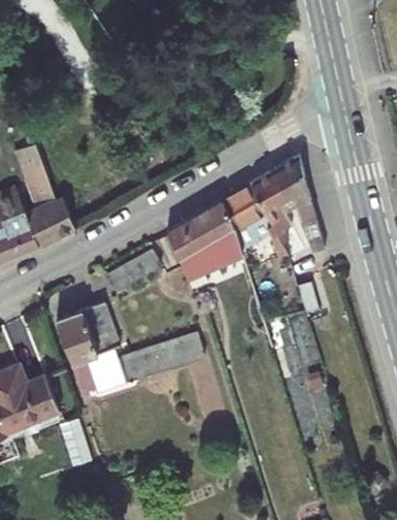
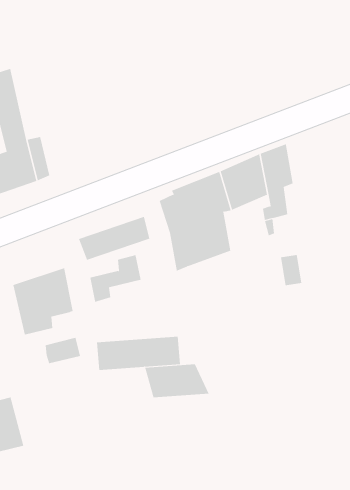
building: [273,156,322,247] -> none
building: [72,337,117,383] -> [89,255,141,303]
building: none -> [144,363,209,398]

